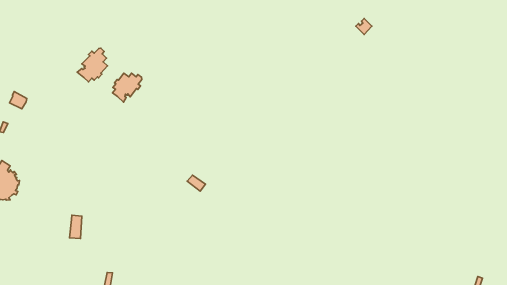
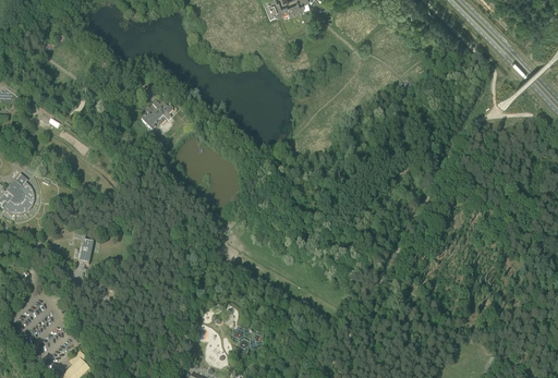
building: [77,48,108,82] -> none

